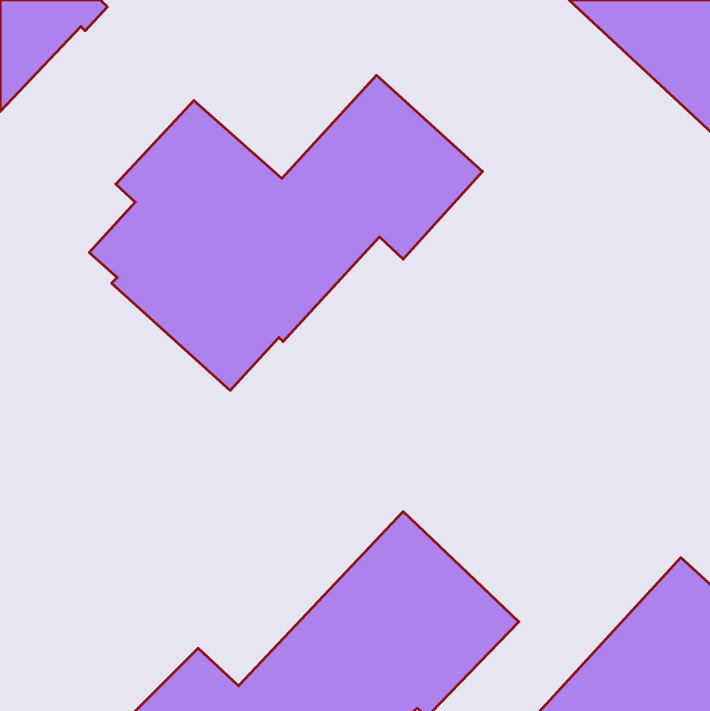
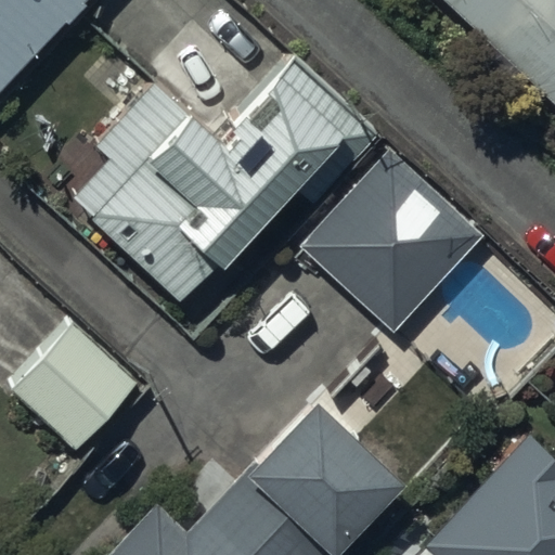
building: none -> [302,151,481,328]
building: none -> [12,326,137,451]

